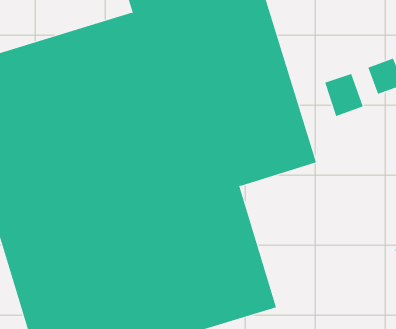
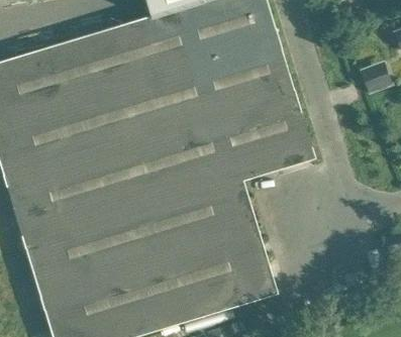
building: [325,73,364,117] -> none

